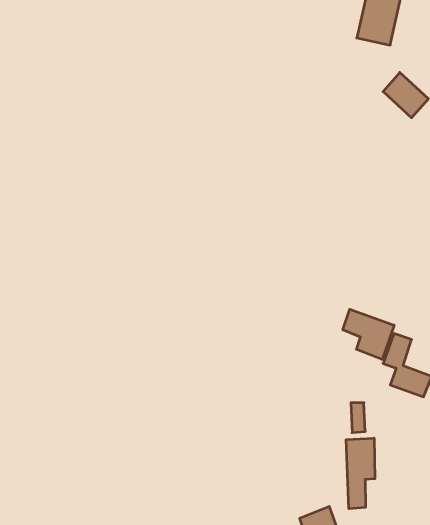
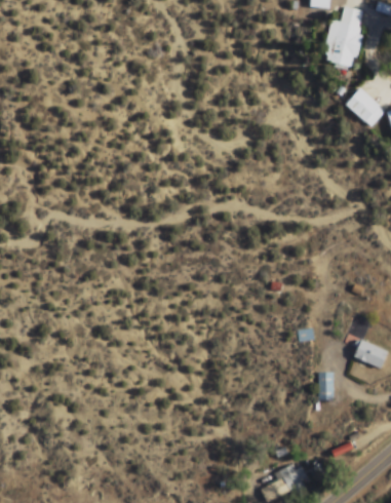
building: [343,309,394,359] -> none
building: [346,438,375,509] -> none

